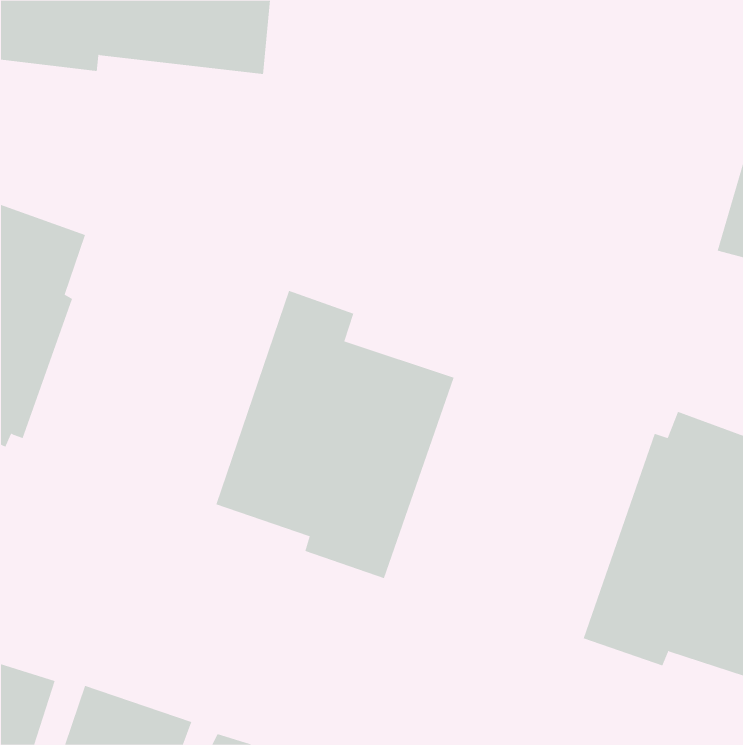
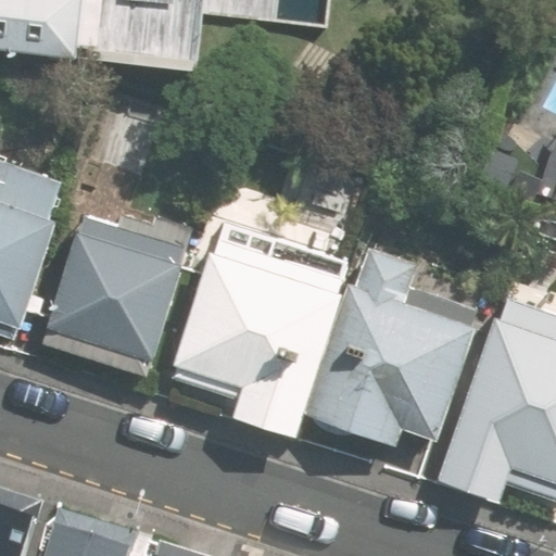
building: none -> [46,210,193,370]
building: none -> [300,256,469,451]

